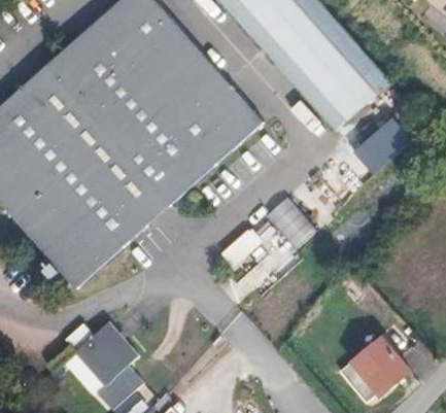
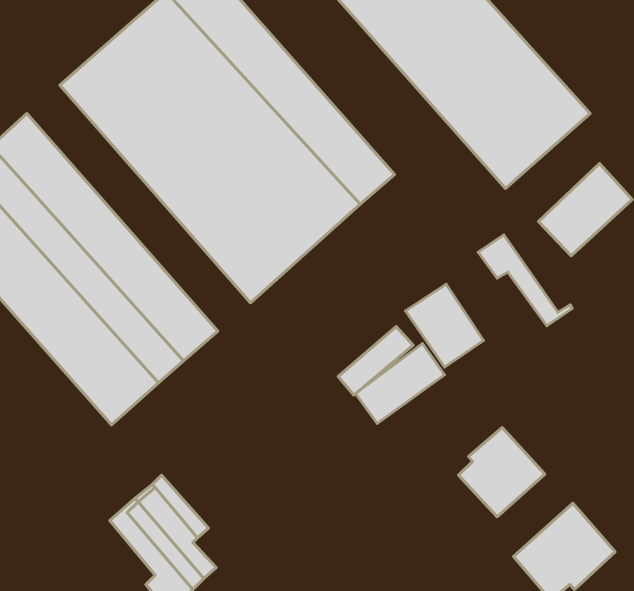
building: [21,64,168,226] -> none
building: none -> [478,235,572,326]
building: none -> [459,427,545,517]

